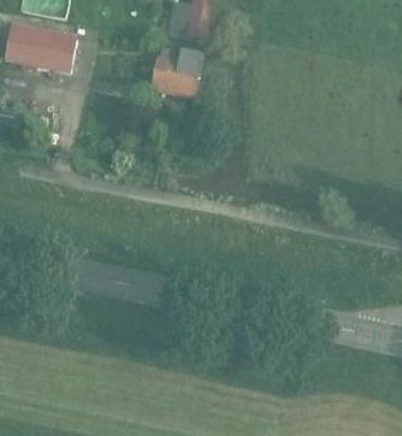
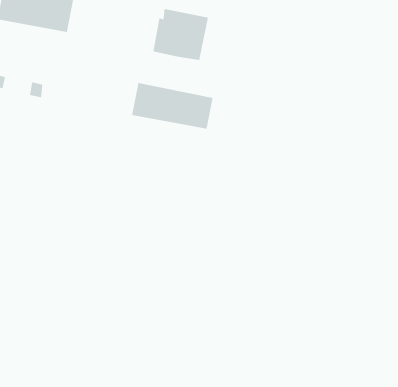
building: none -> [131,82,214,129]

